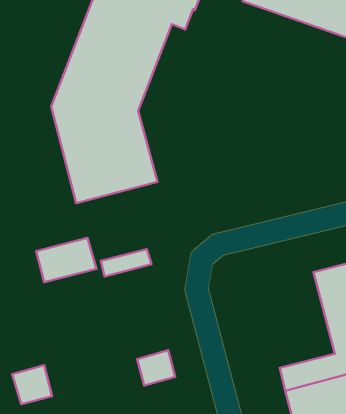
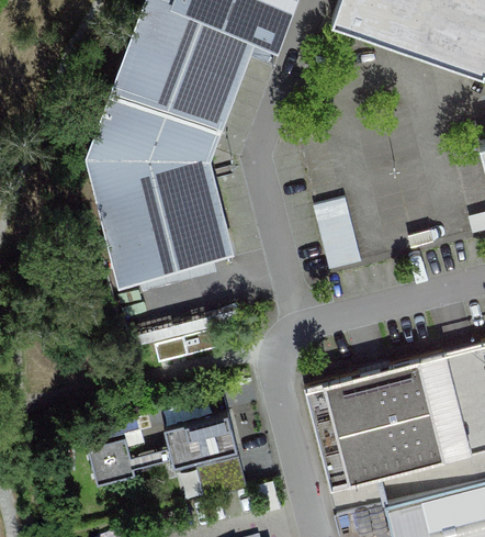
building: none -> [319,214,363,270]
building: [36,238,96,282] -> [165,411,239,466]
building: none -> [305,358,447,489]
building: [12,365,52,404] -> [88,437,137,485]

